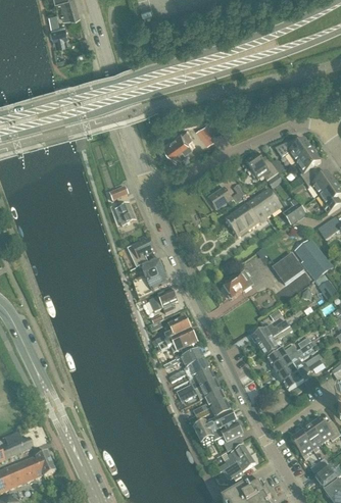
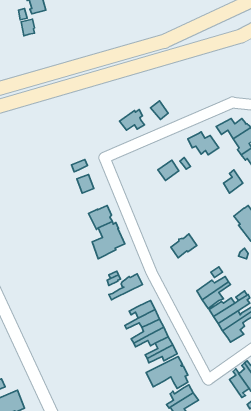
building: [225,189,281,237] -> none
building: [272,253,309,293] -> none
building: [149,289,178,312] -> none
building: [154,330,196,355] -> none

